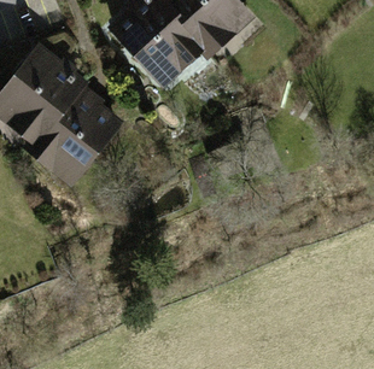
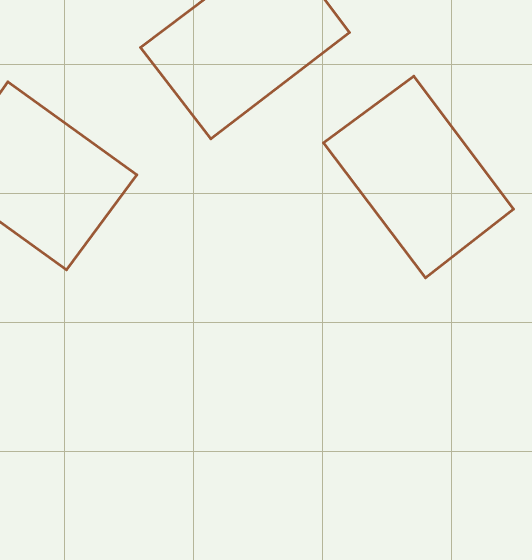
building: none -> [324,76,514,278]

